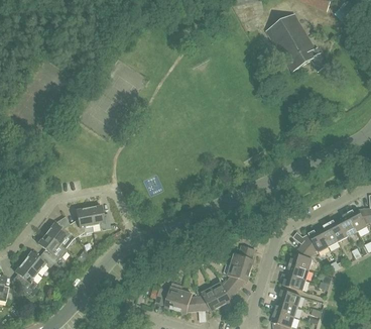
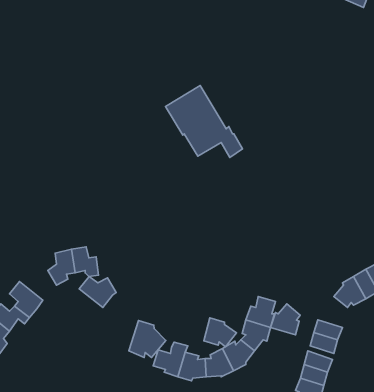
building: [265,12,328,71] -> [166,86,242,157]
building: [45,223,76,248] -> [79,277,116,308]
building: [288,245,313,270] -> [271,304,300,335]
building: none -> [204,318,236,347]
building: none -> [129,320,166,357]

